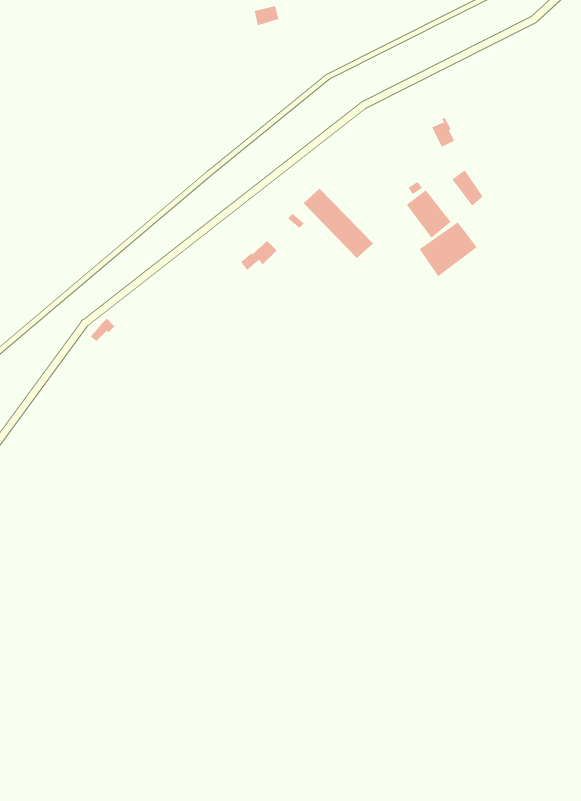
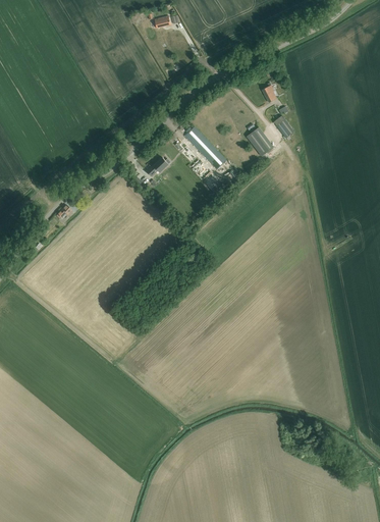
building: [419,221,477,277] -> none

